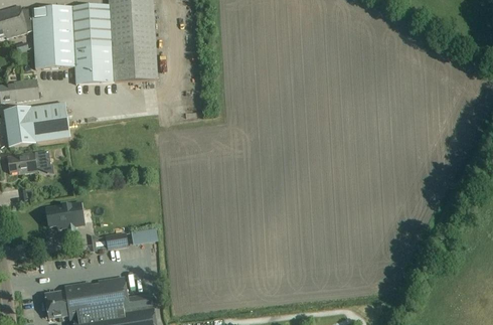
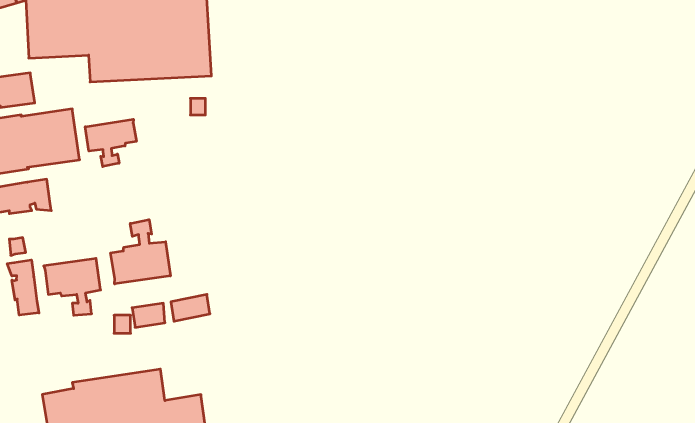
building: none -> [85,119,136,167]
building: none -> [111,220,170,284]
building: none -> [7,260,39,315]

